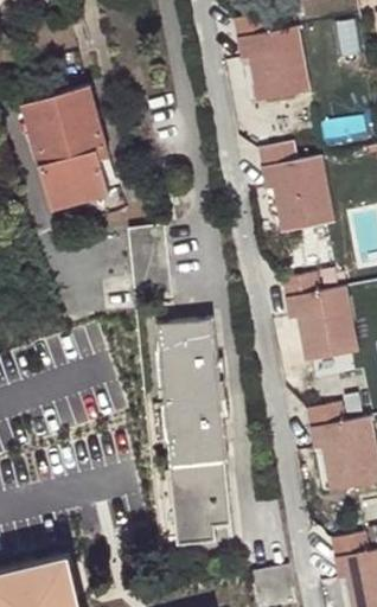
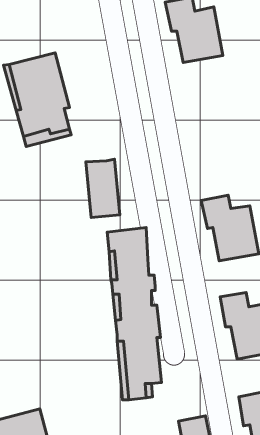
building: [258,143,333,231] -> none

